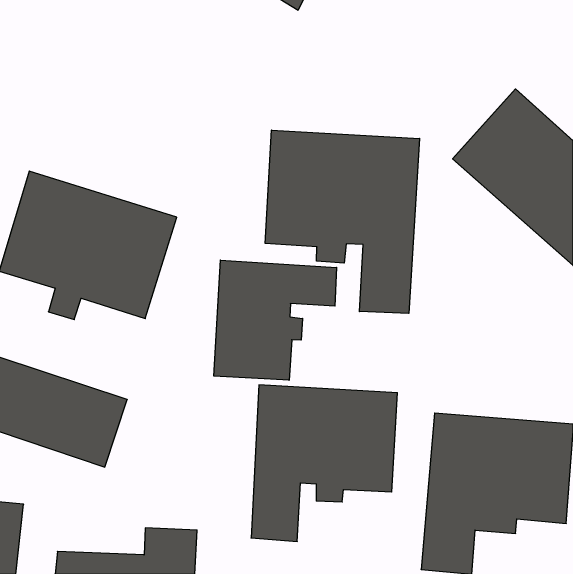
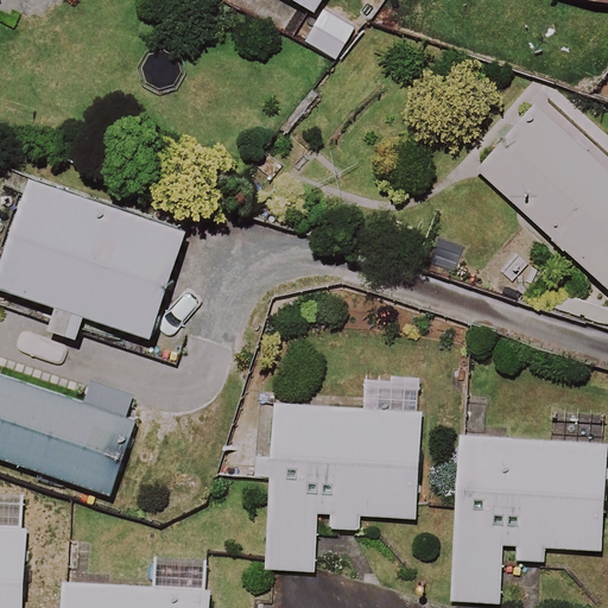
building: [265,130,420,313] -> none
building: [214,260,337,380] -> none

